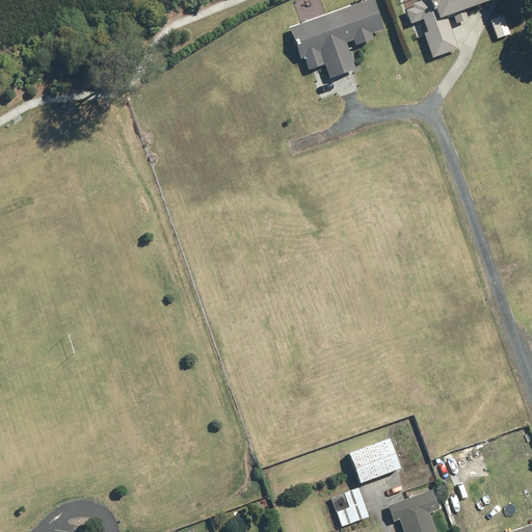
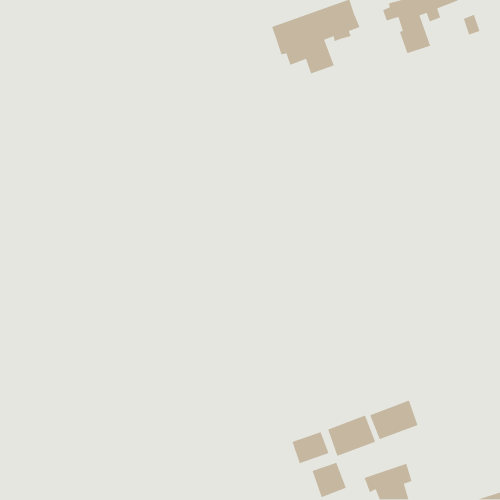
building: none -> [369,400,419,440]
building: none -> [292,431,329,464]

